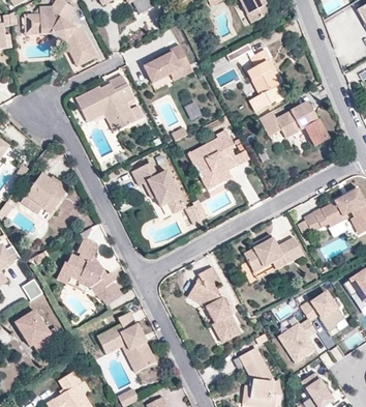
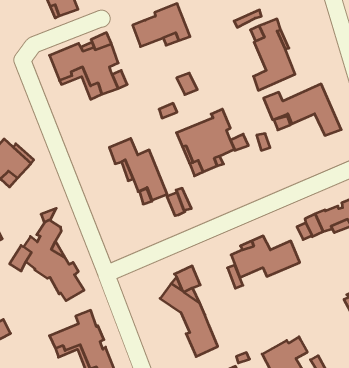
building: [300,291,344,329] -> none

